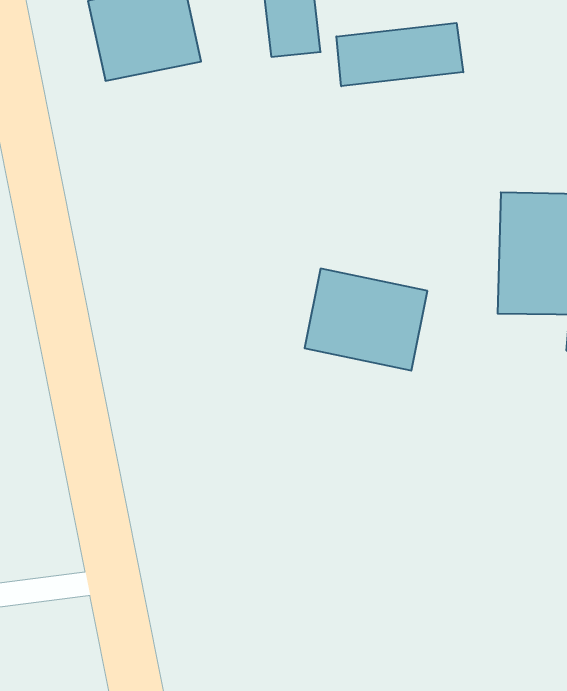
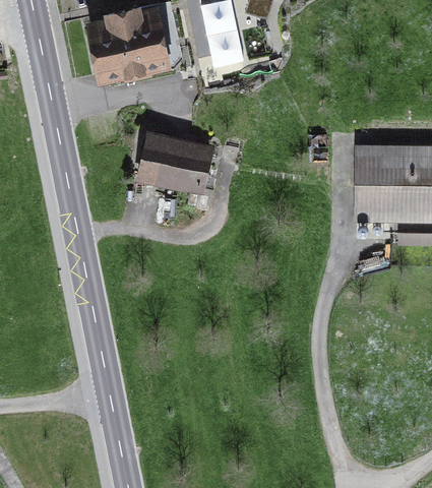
building: [336,23,463,86] -> none
building: [305,269,427,371] -> [137,133,215,198]

